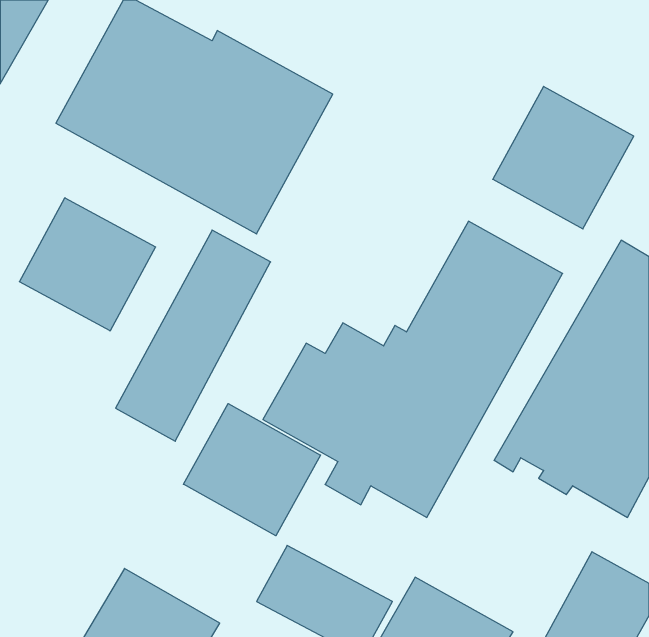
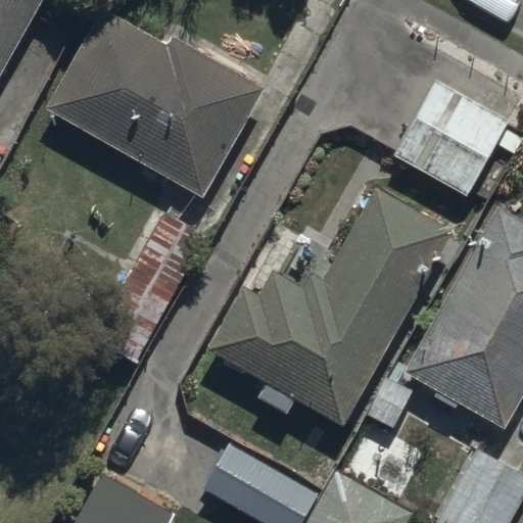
building: [19,198,156,331] -> none
building: [183,404,321,536] -> none

